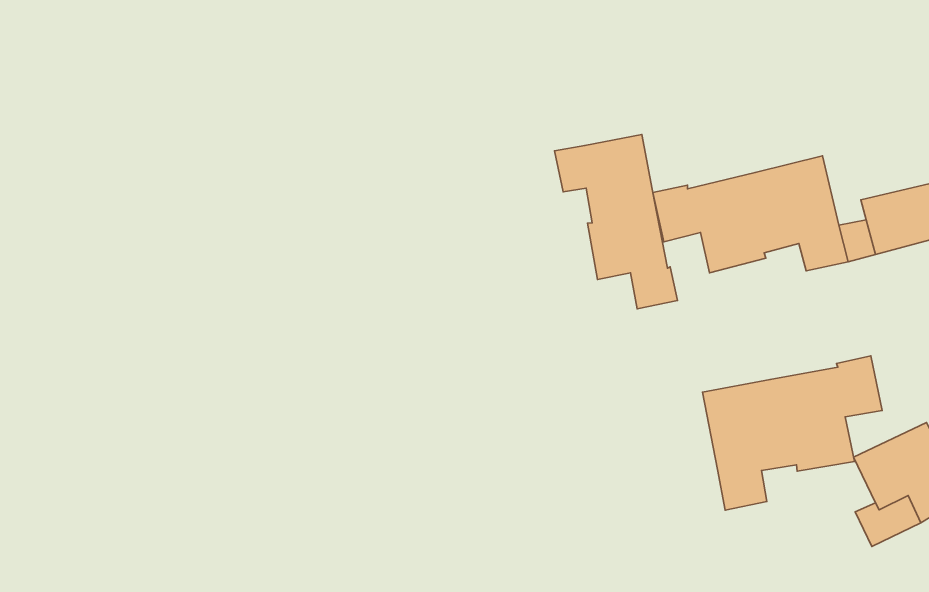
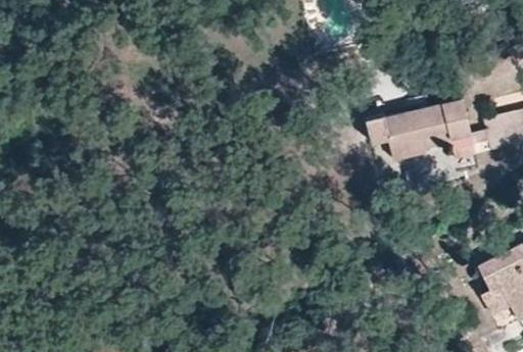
building: [555,135,678,309] -> none
building: [702,356,882,510] -> none

